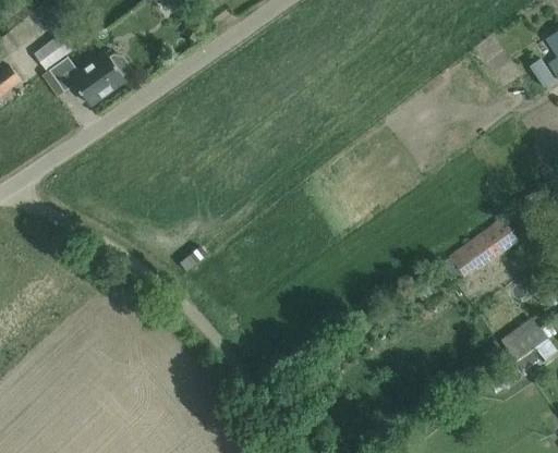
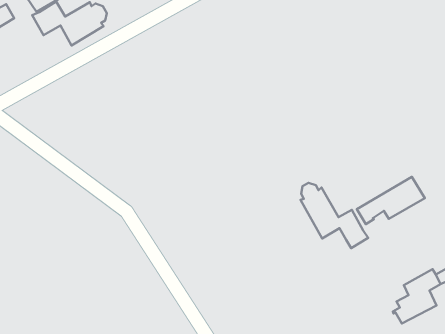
building: none -> [301,183,368,248]

